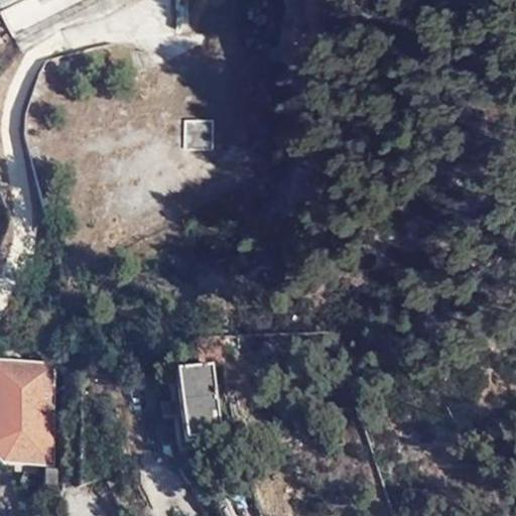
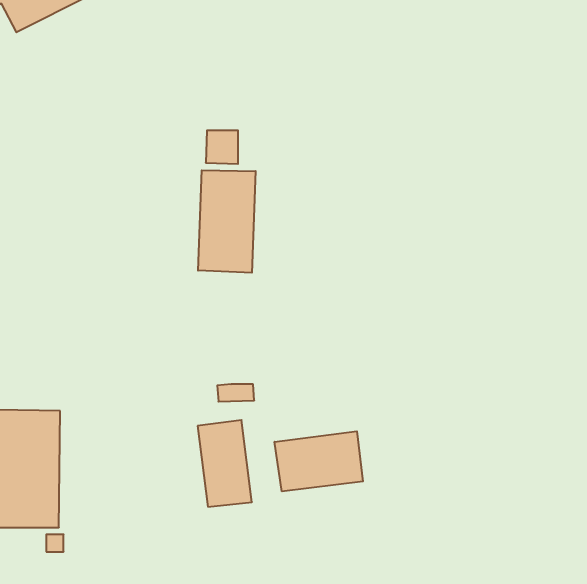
building: none -> [198,170,256,273]
building: none -> [275,431,363,491]

